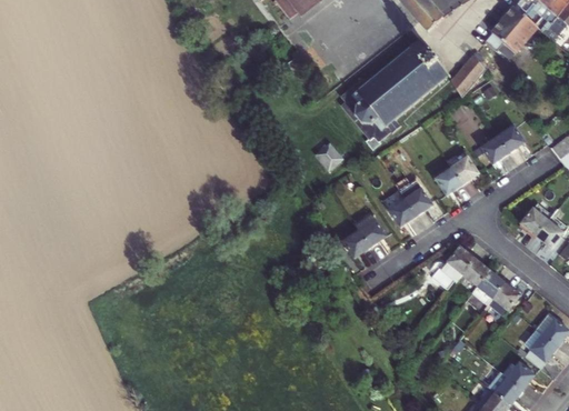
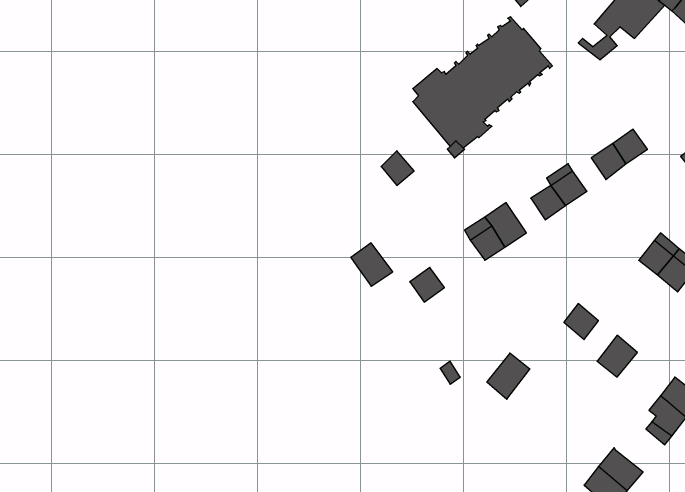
building: [451,58,488,96] -> none
building: [353,213,386,247] -> [351,243,393,286]
building: [439,247,472,282] -> [487,353,530,399]
building: [471,272,502,305] -> none
building: [501,357,535,389] -> none

